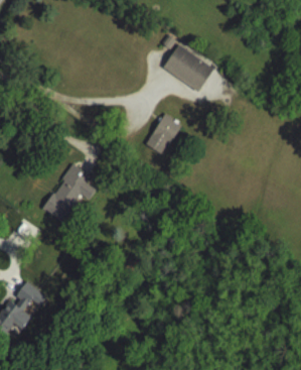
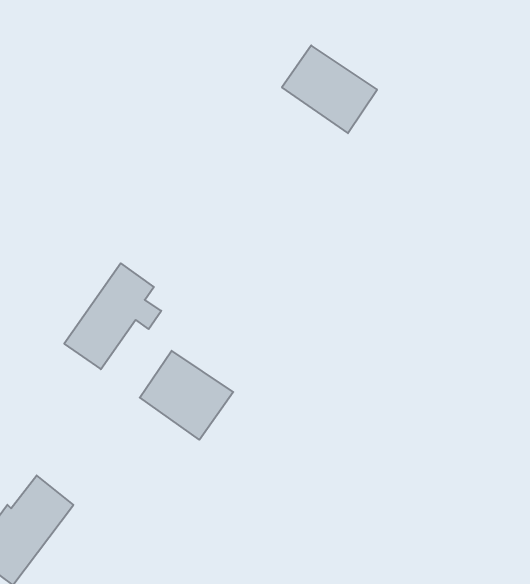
building: [145,113,182,155] -> none
building: none -> [140,351,233,440]

